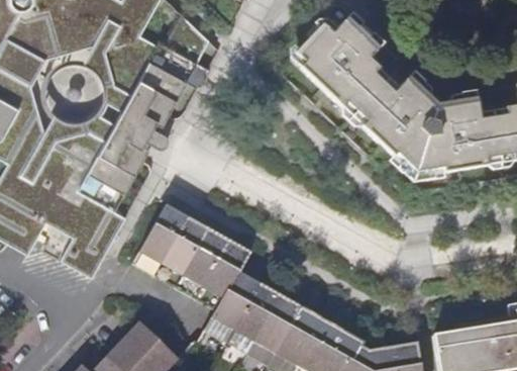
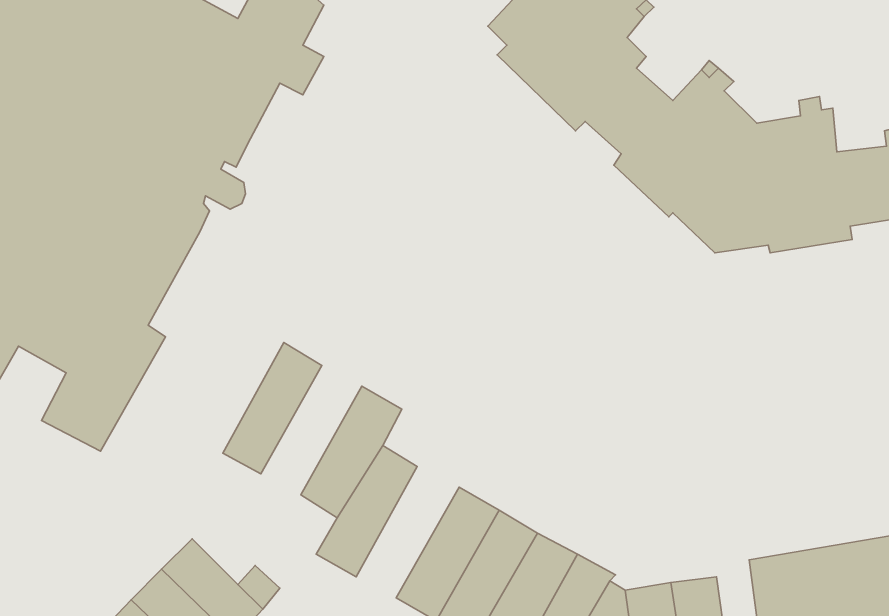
building: [132,206,187,277] -> none
building: [175,230,228,299] -> none
building: [225,284,280,354] -> none

